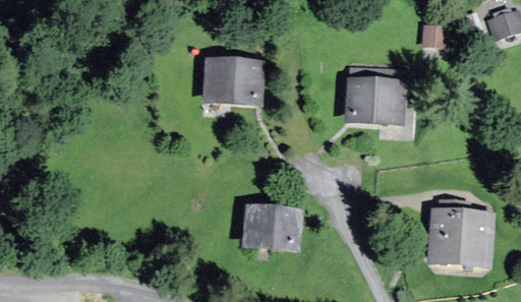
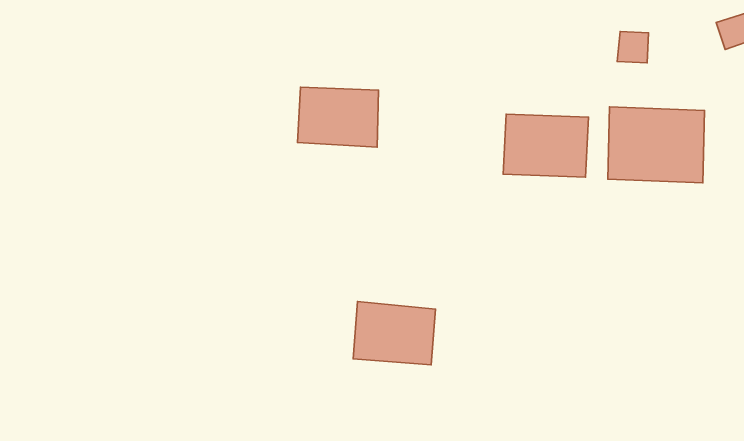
building: none -> [608,107,705,183]
building: [429,208,491,262] -> none

